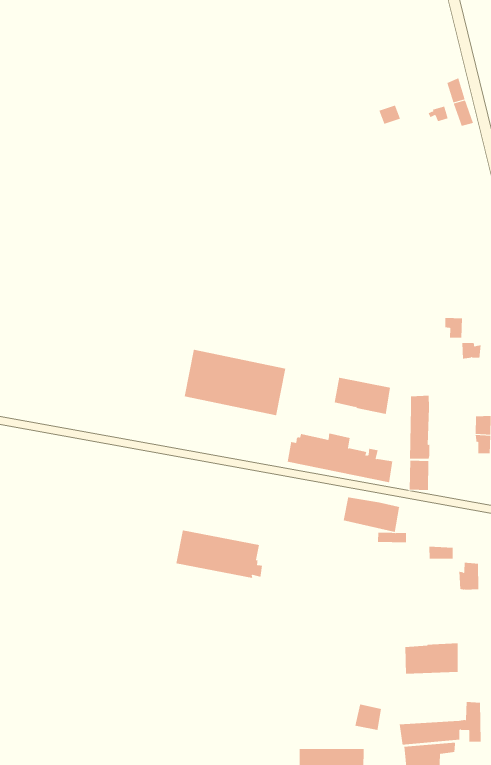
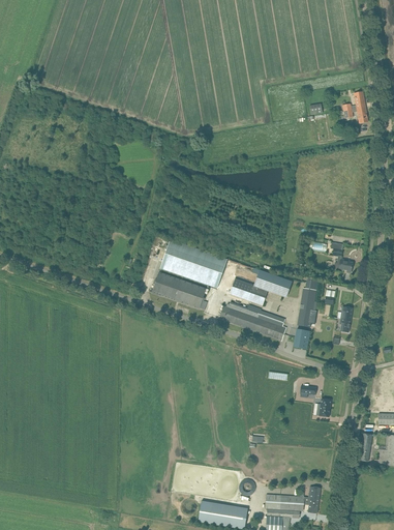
building: [343,497,402,533] -> [230,278,268,305]
building: [175,530,263,579] -> [152,271,207,308]
building: [405,642,458,675] -> none

